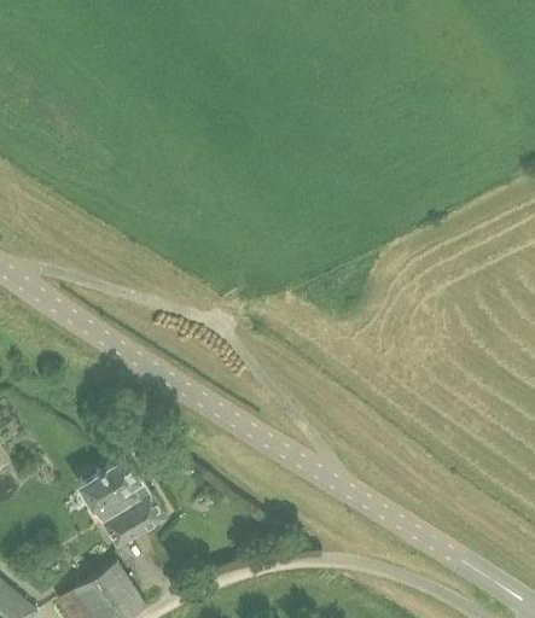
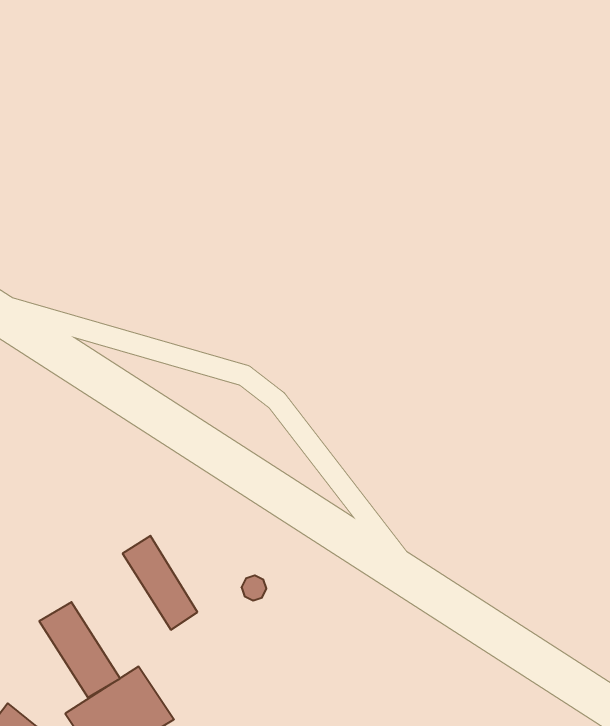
building: [76,470,143,548] -> [39,602,120,698]

